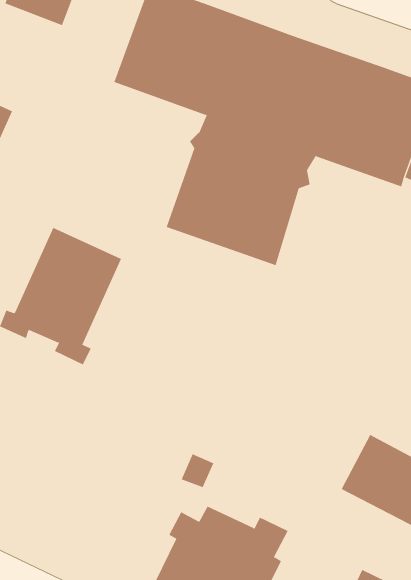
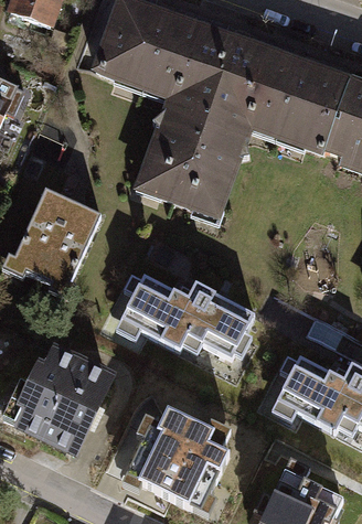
building: none -> [120,275,255,359]
building: none -> [12,344,119,460]

